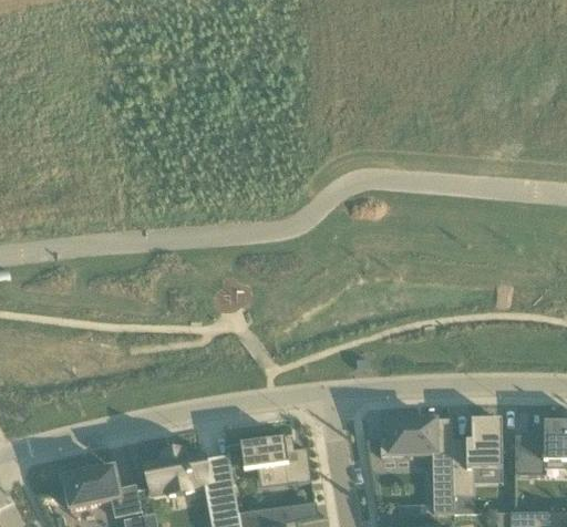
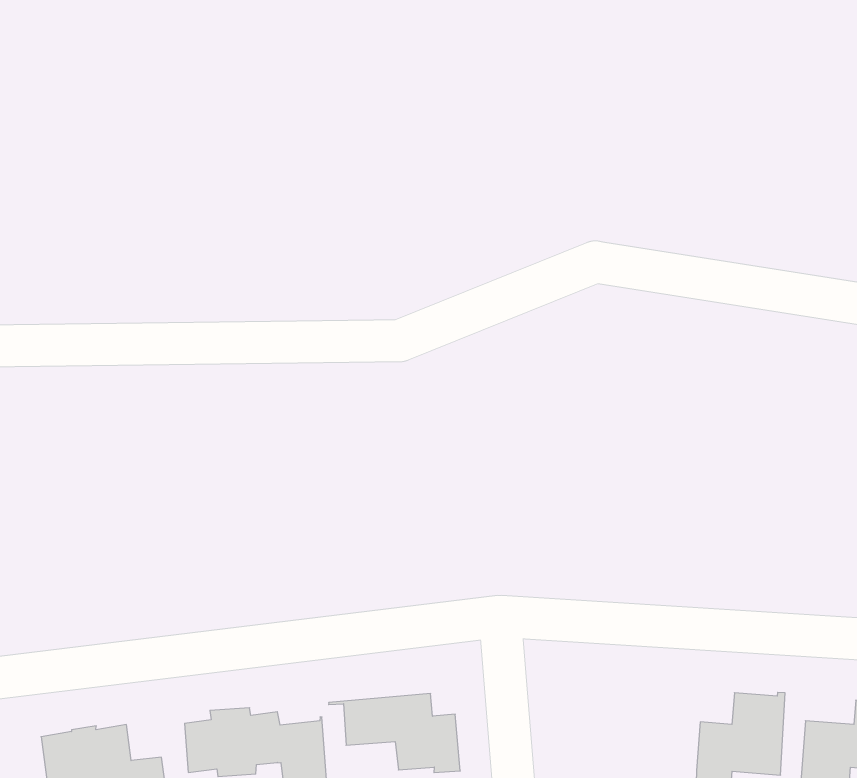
building: [380,421,452,472] -> none

